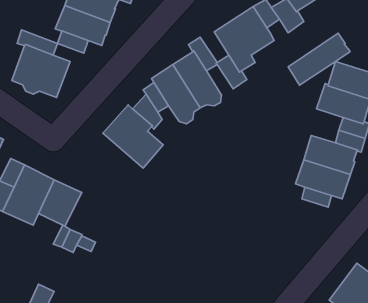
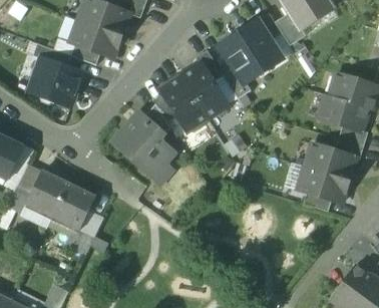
building: [288,33,350,85] -> none

